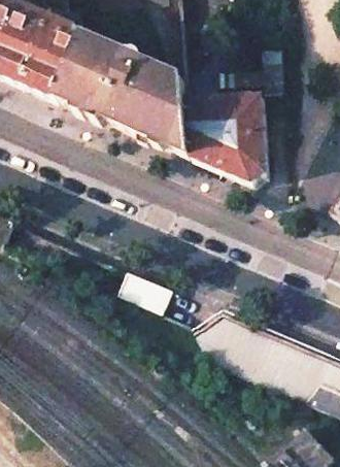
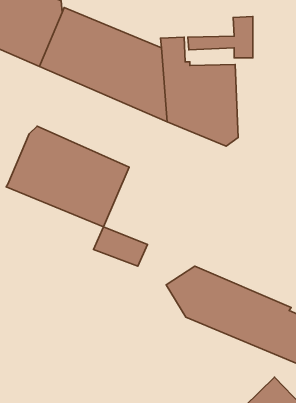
building: none -> [6,126,129,227]

